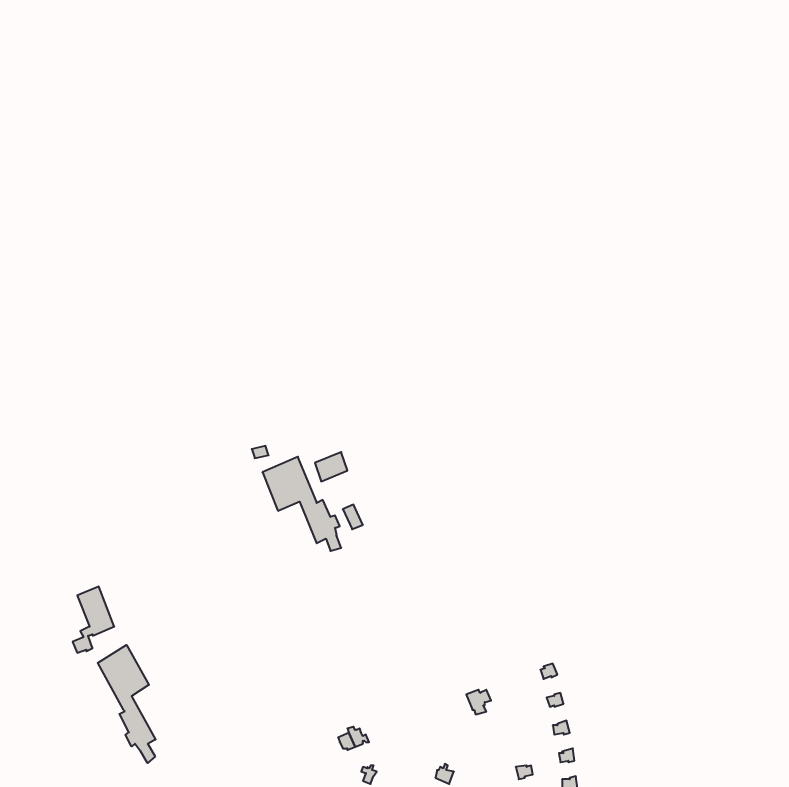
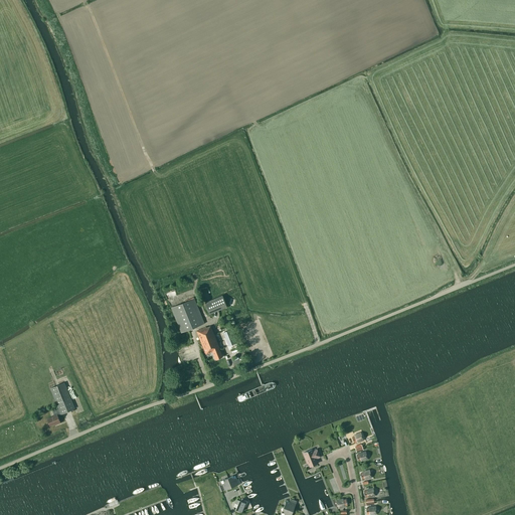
building: [98,645,156,763] -> none

